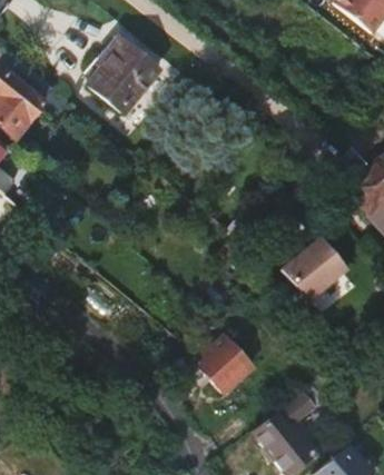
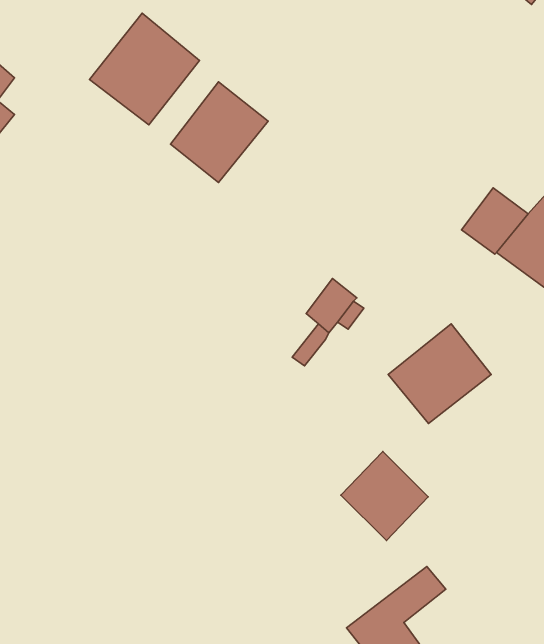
building: none -> [170,82,268,183]
building: [198,340,254,397] -> [341,451,428,540]

